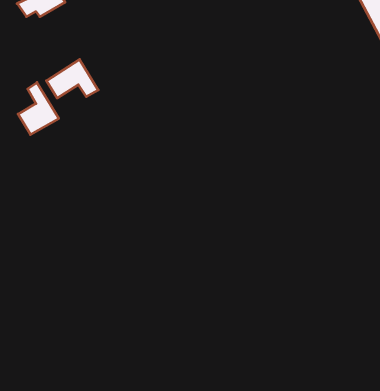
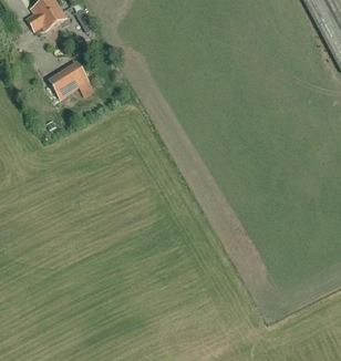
building: [18,82,59,135] -> none

